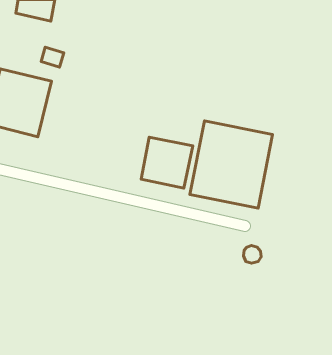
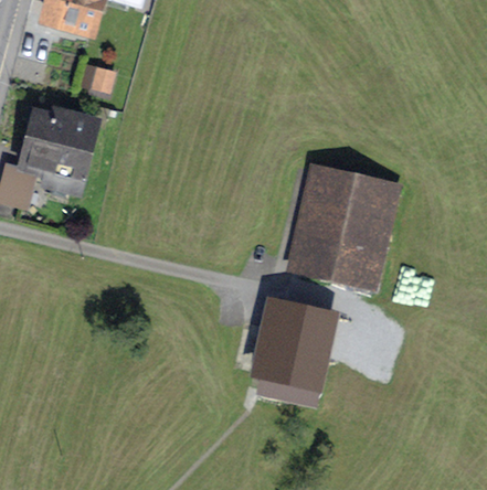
building: [141,137,193,188] -> none
building: none -> [253,305,334,411]

